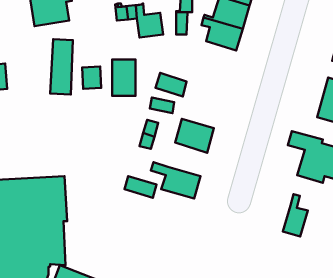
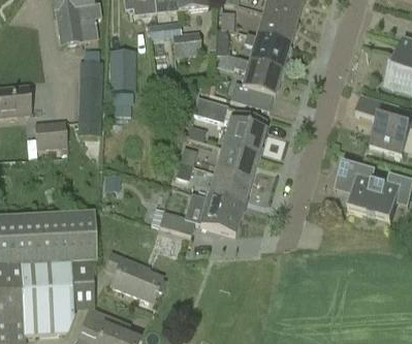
building: none -> [230,57,282,111]
building: [112,59,136,96] -> [109,49,135,89]
building: none -> [222,107,266,157]
building: none -> [34,120,67,149]
building: none -> [207,173,250,210]
building: [283,194,308,236] -> none
building: none -> [104,251,163,303]

